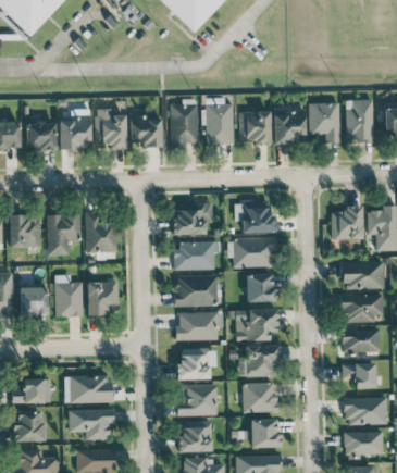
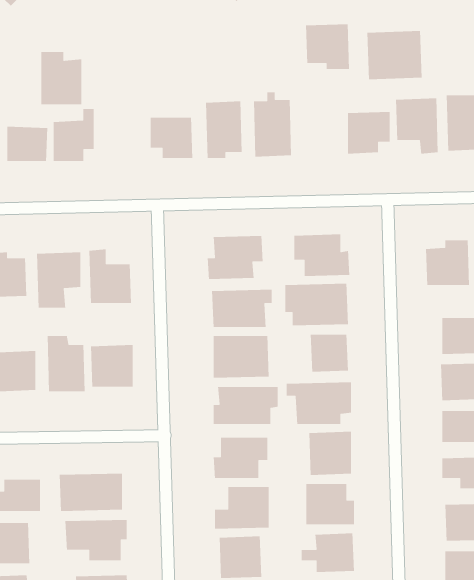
building: none -> [366,30,422,80]
building: [96,109,126,148] -> [40,51,82,105]
building: [238,111,271,145] -> [305,23,350,70]

